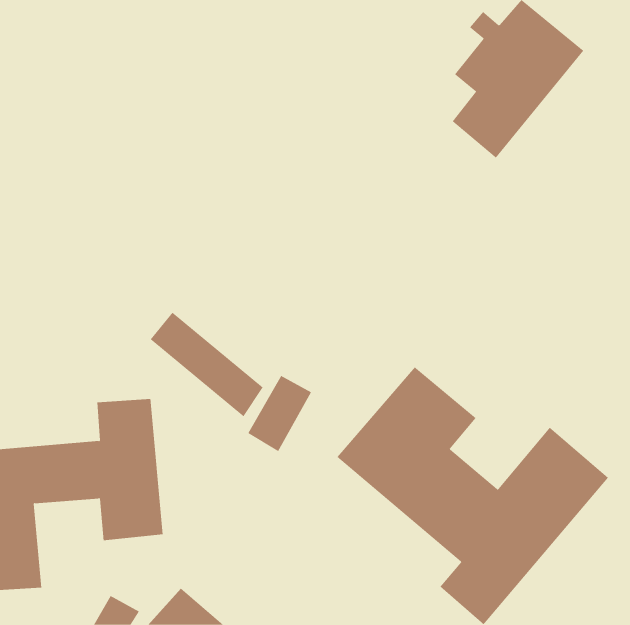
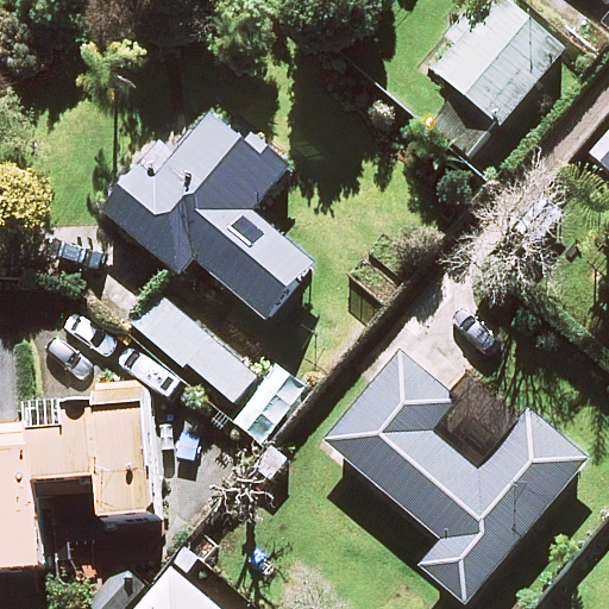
building: none -> [101,112,312,318]

